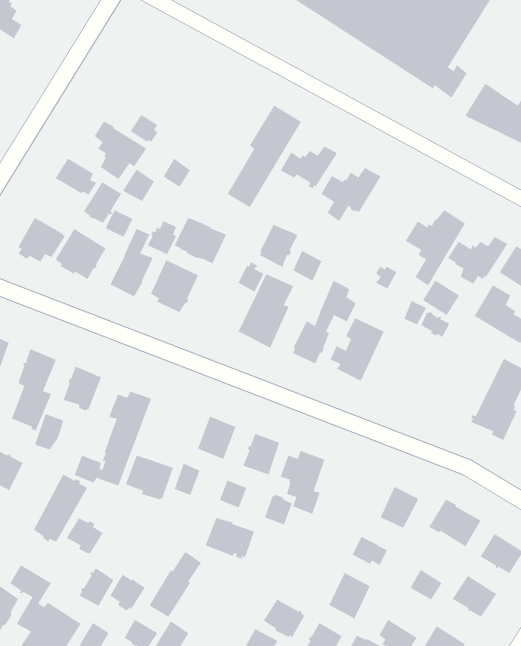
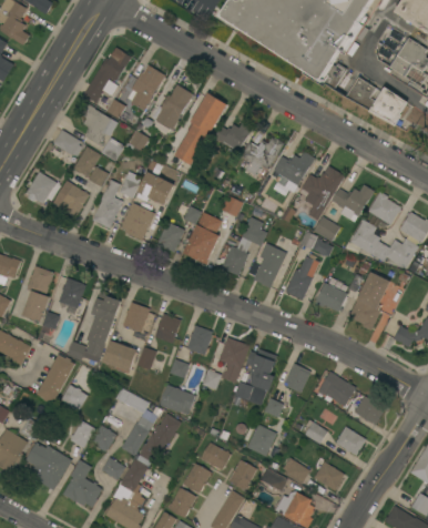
building: none -> [83,51,132,102]
building: none -> [128,65,166,111]
building: none -> [155,84,194,130]
building: none -> [274,151,316,193]
building: [259,224,298,268] -> [157,222,185,253]
building: none -> [286,254,319,301]
building: none -> [315,283,347,313]
building: none -> [123,302,150,332]
building: none -> [234,349,277,406]
building: none -> [140,414,182,464]

